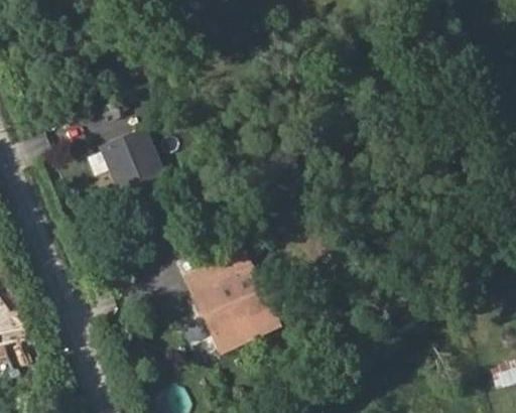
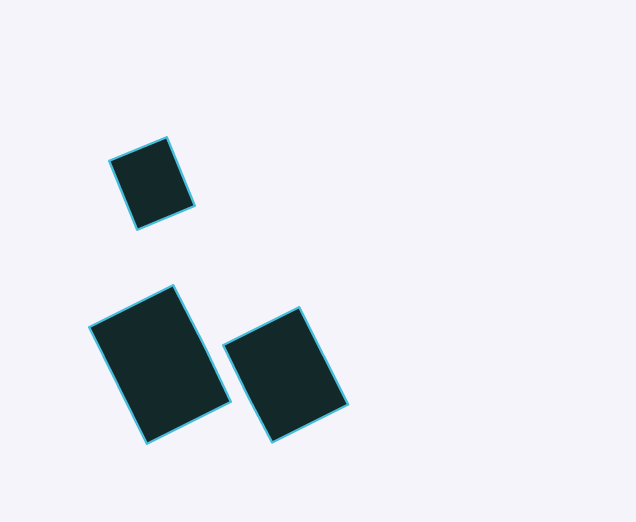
building: none -> [89,285,231,444]

